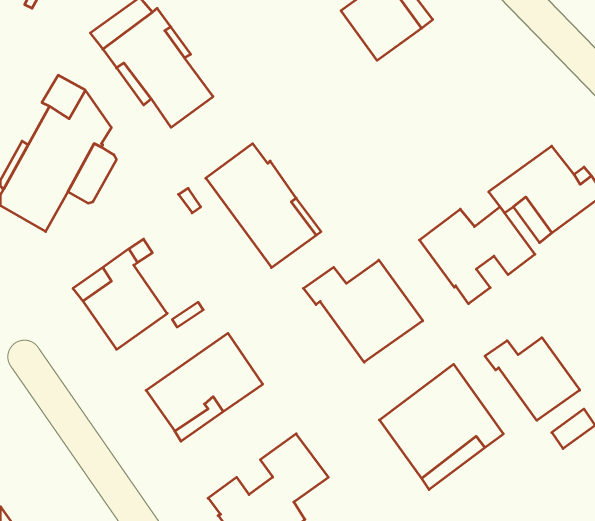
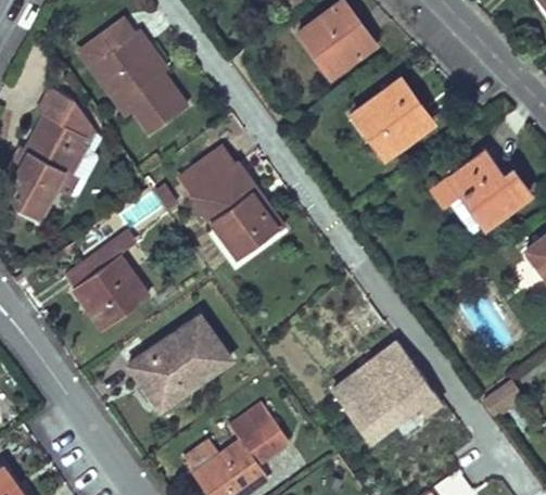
building: none -> [352,78,432,157]
building: [419,207,535,304] -> none
building: [303,260,423,362] -> none
building: [485,338,580,420] -> none

